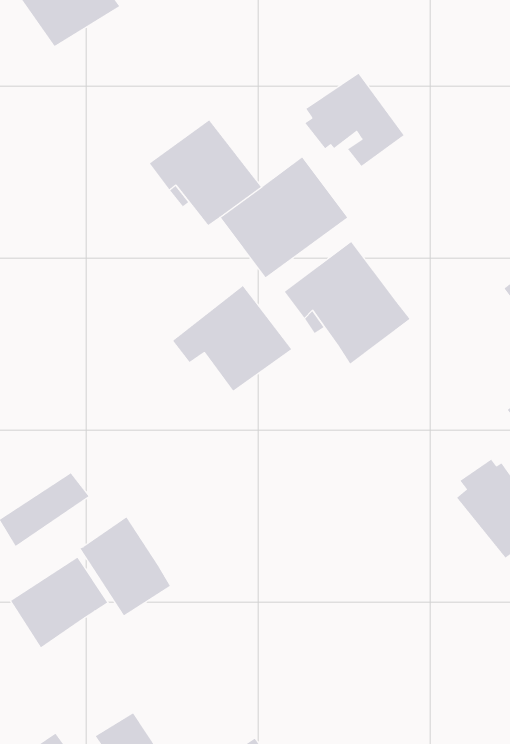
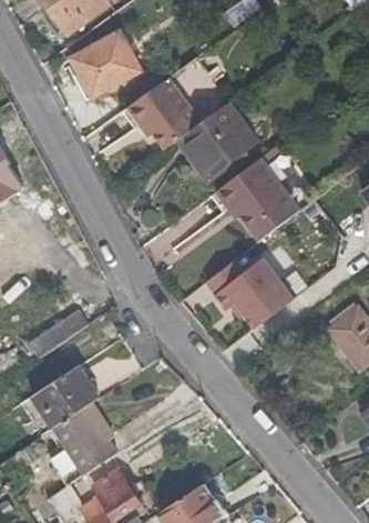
building: none -> [71,30,141,99]
building: [304,73,404,167] -> none
building: [172,285,292,391] -> [213,258,291,328]
building: [80,516,171,616] -> [53,406,113,472]

